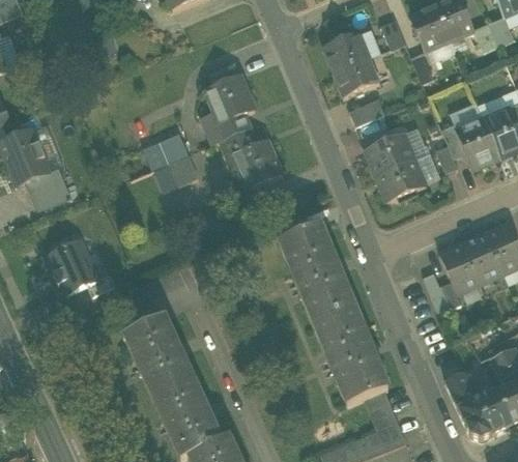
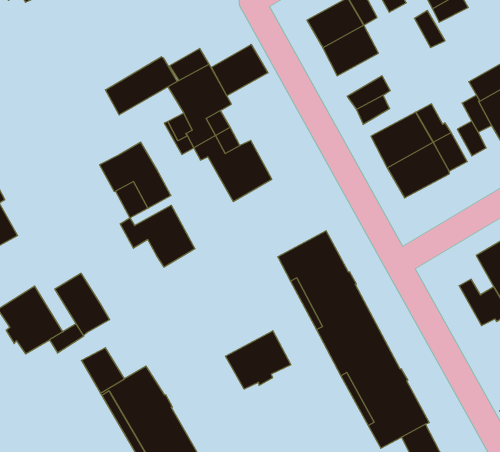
building: none -> [212,44,268,96]
building: none -> [105,57,177,115]
building: none -> [120,205,195,267]
building: none -> [55,273,110,335]
building: none -> [226,331,291,389]

